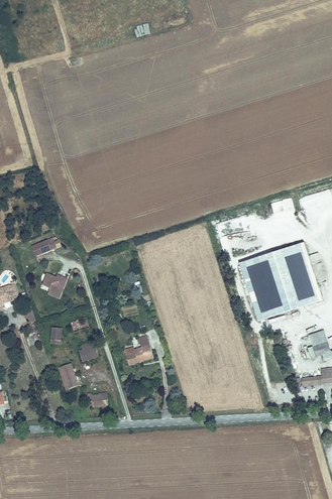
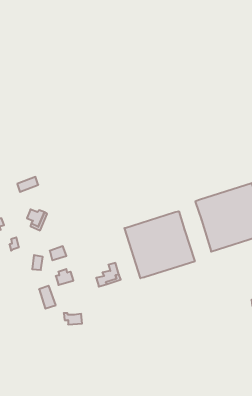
building: none -> [124,211,195,278]

